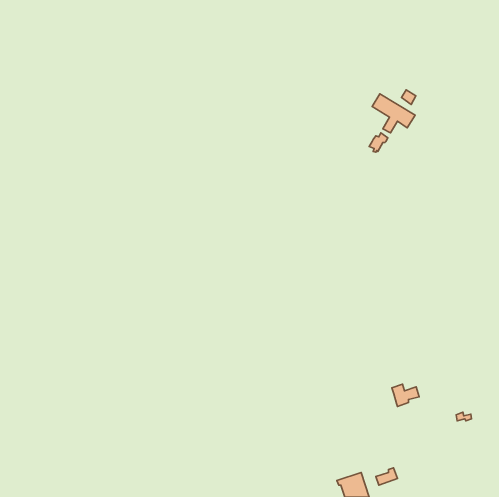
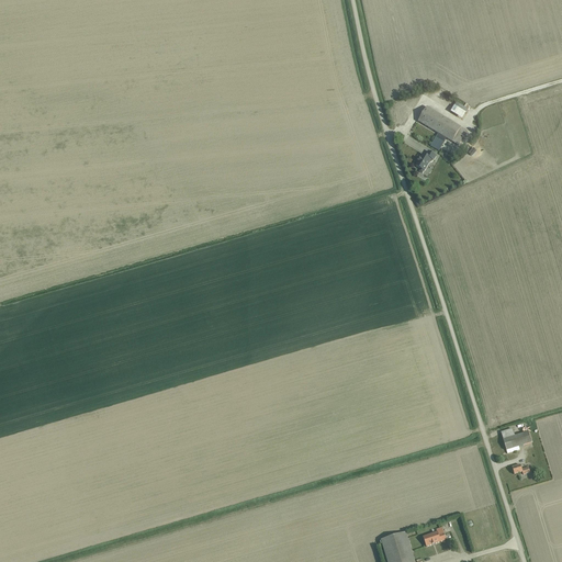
building: [392,384,419,406] -> [501,427,531,452]

